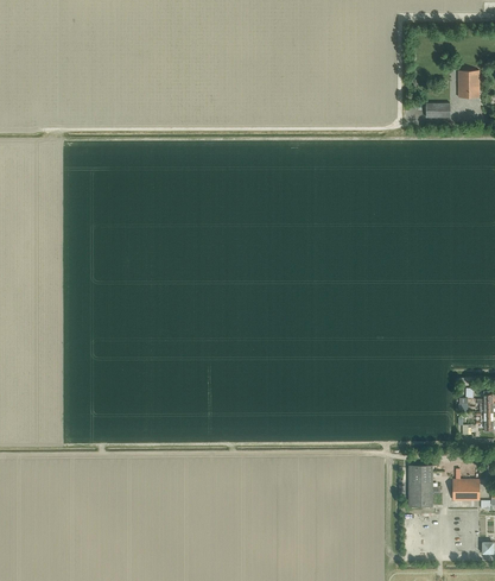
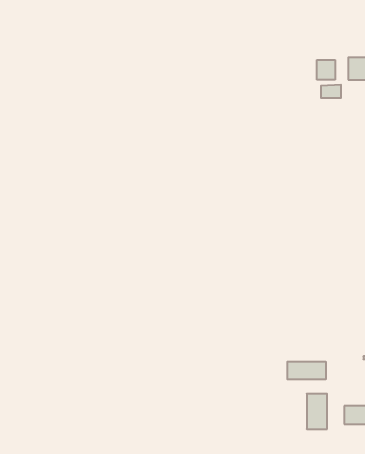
building: none -> [317,60,335,80]
building: none -> [287,362,326,379]

